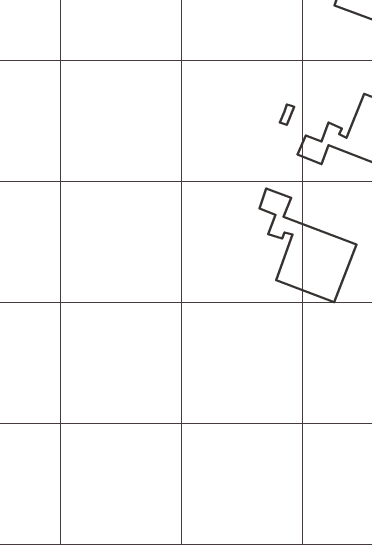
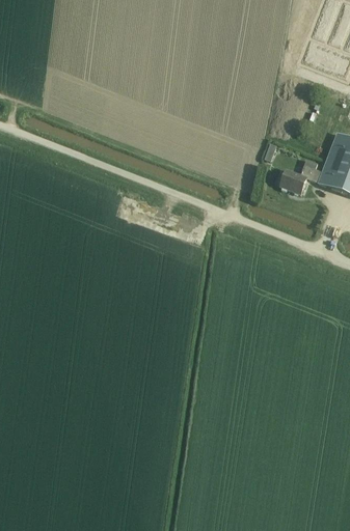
building: [259,189,357,302] -> none

